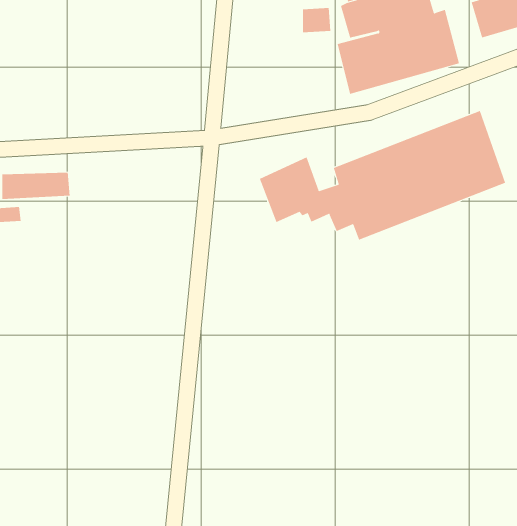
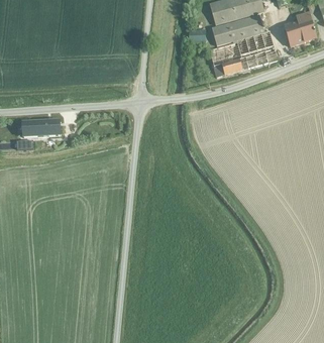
building: [259,110,506,240] -> none

